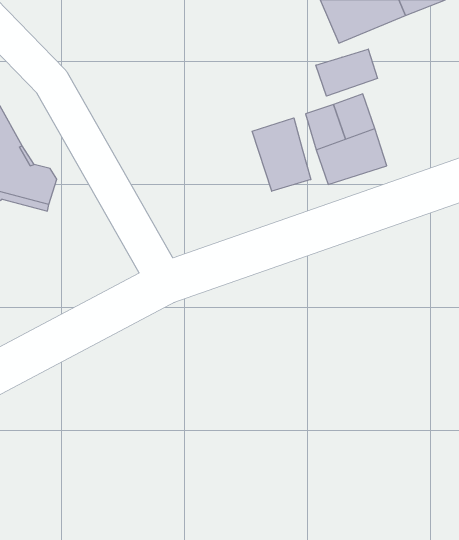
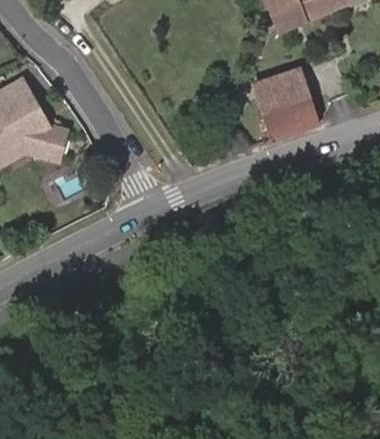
building: [316,49,378,96] -> none
building: [252,118,311,191] -> none

